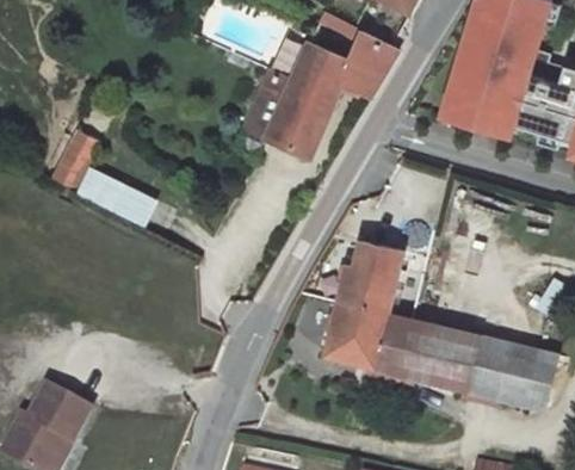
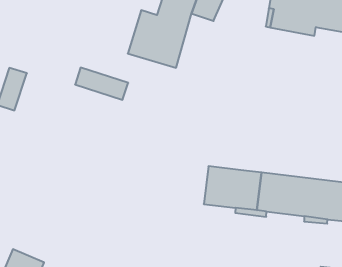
building: [78,169,153,222] -> [75,68,128,100]
building: [338,240,402,313] -> none

